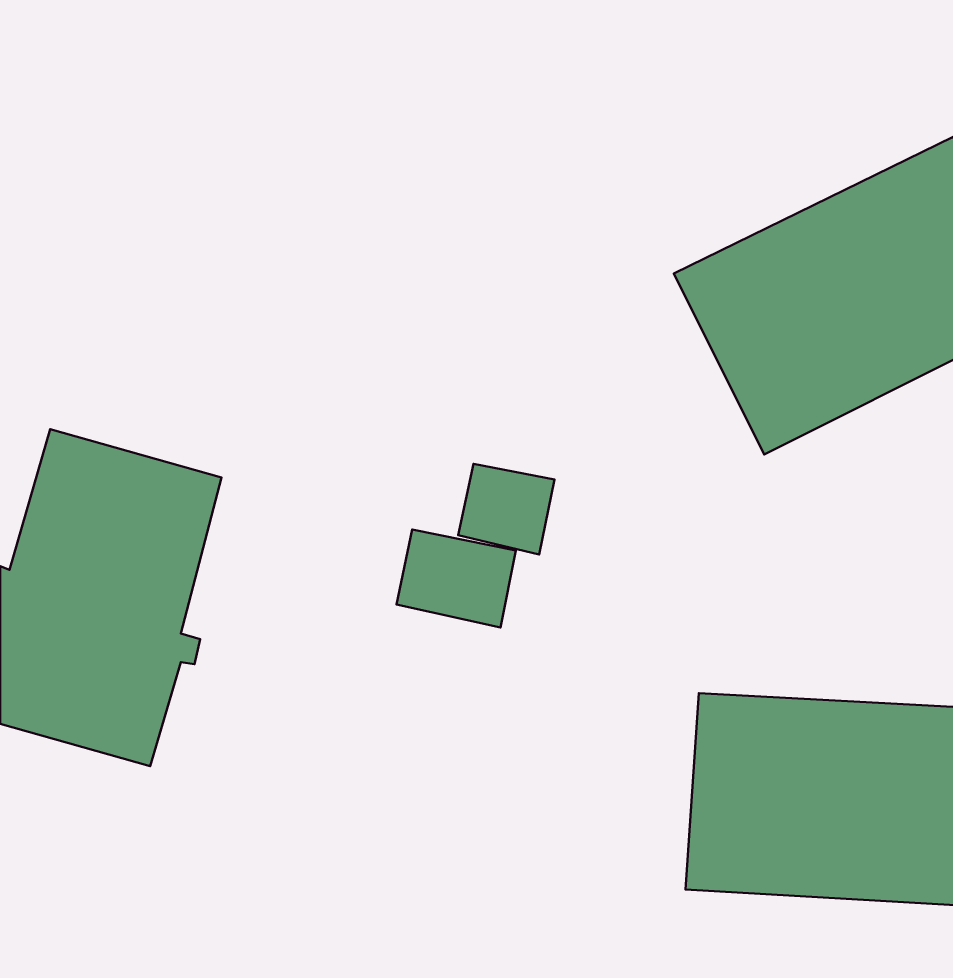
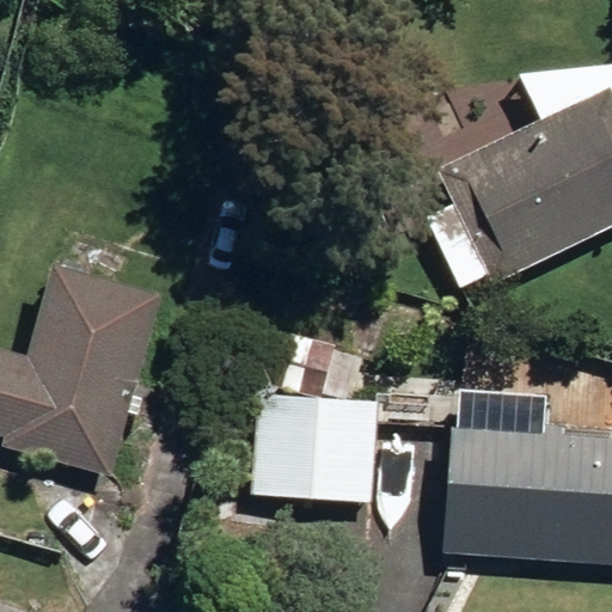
building: none -> [252,393,374,501]

